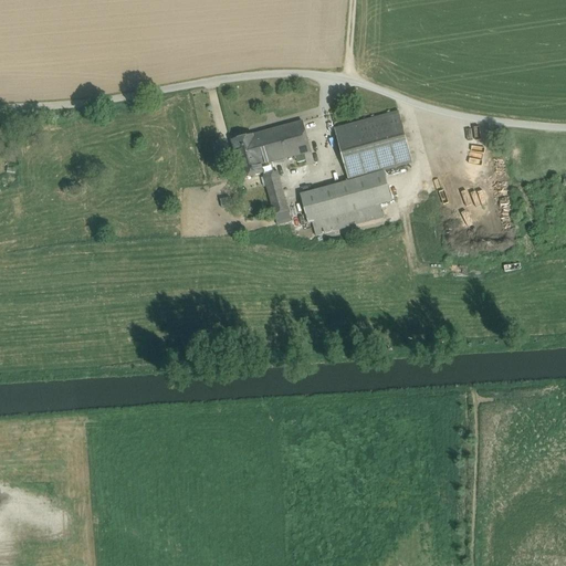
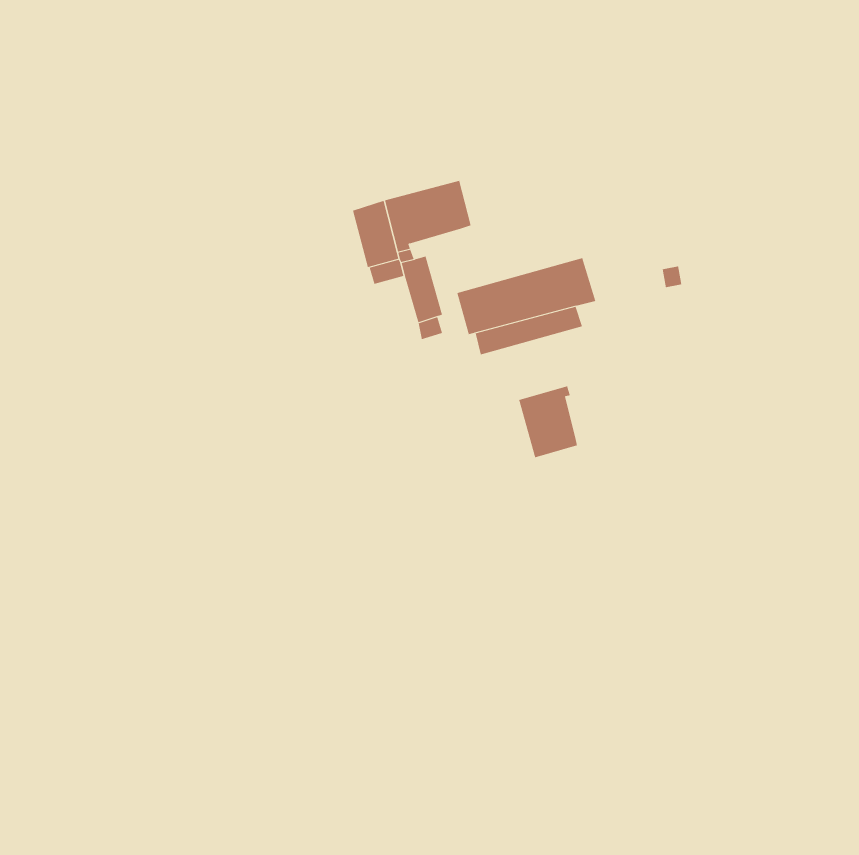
building: [334,109,411,177] -> none
building: none -> [518,385,577,458]

